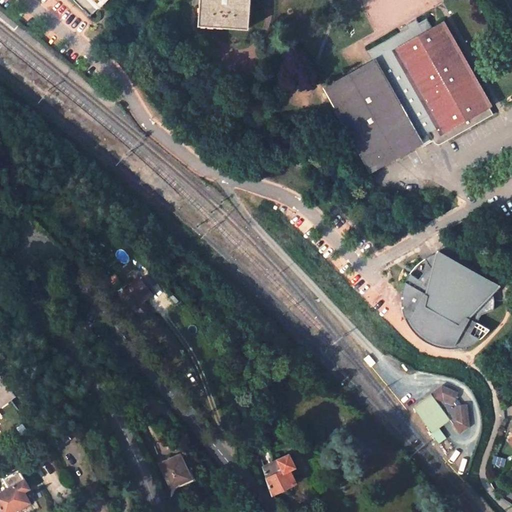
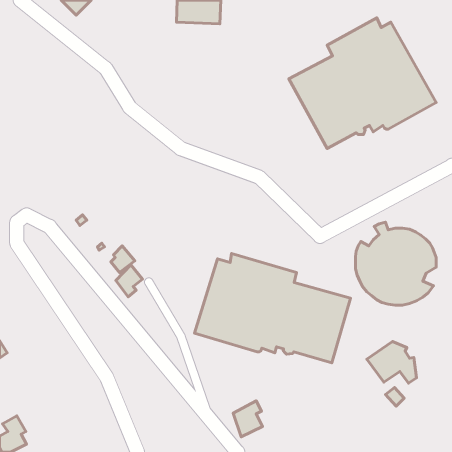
building: none -> [195,253,350,363]
building: none -> [116,265,142,297]
building: [159,454,189,488] -> none

